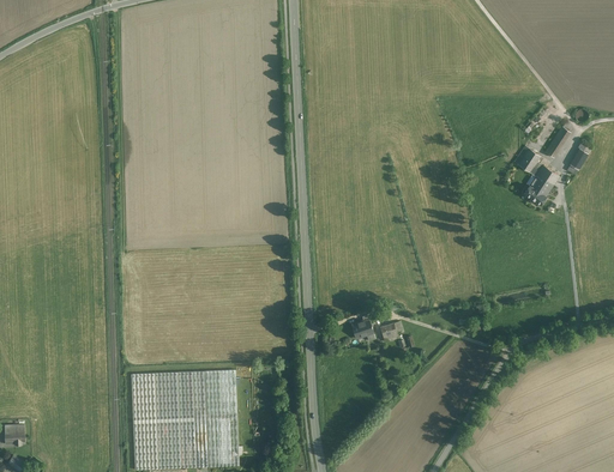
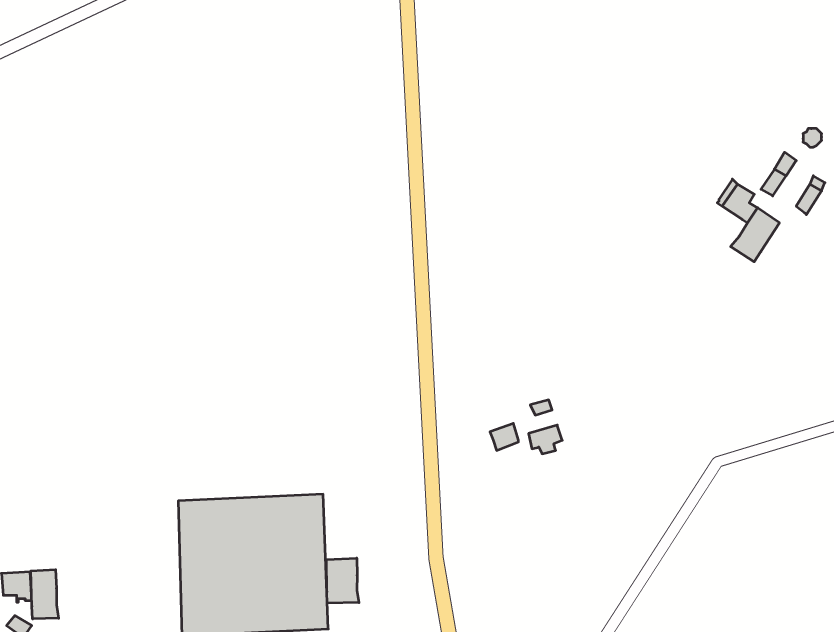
building: none -> [327,558,359,603]
building: none -> [31,570,59,619]

